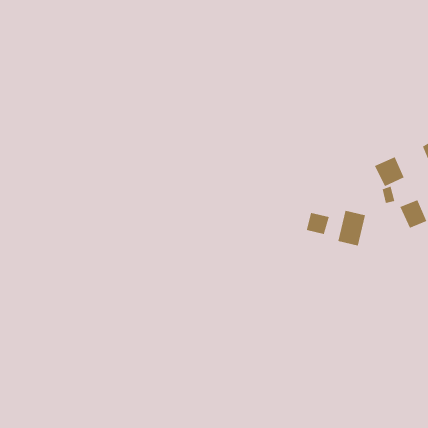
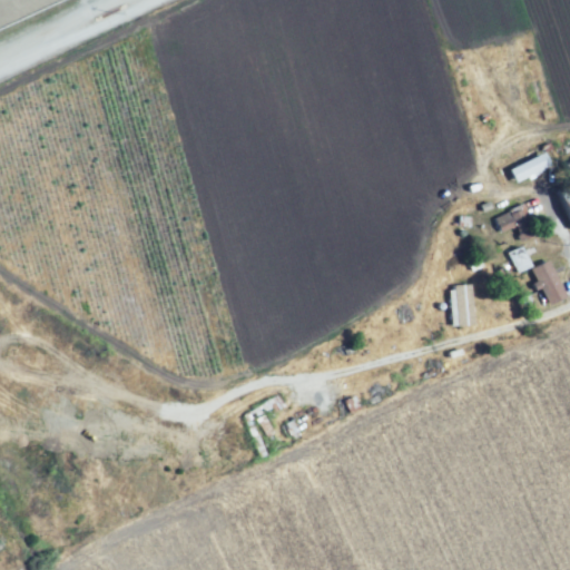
building: none -> [511,151,551,183]
building: [306,212,330,235] -> none

